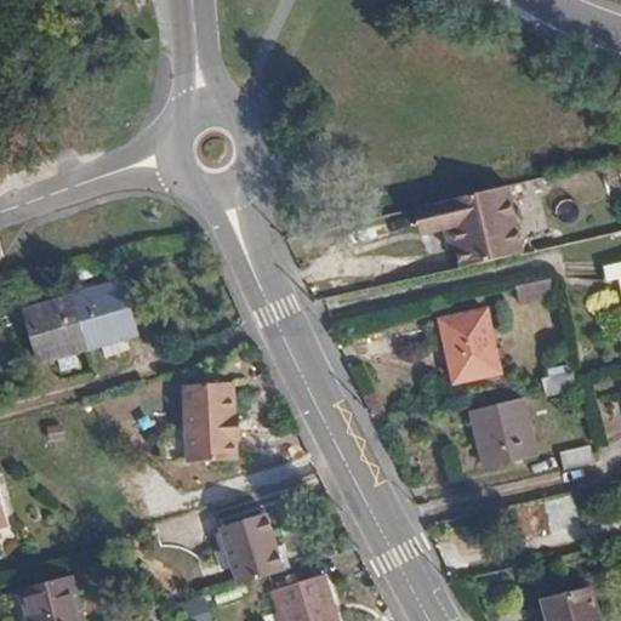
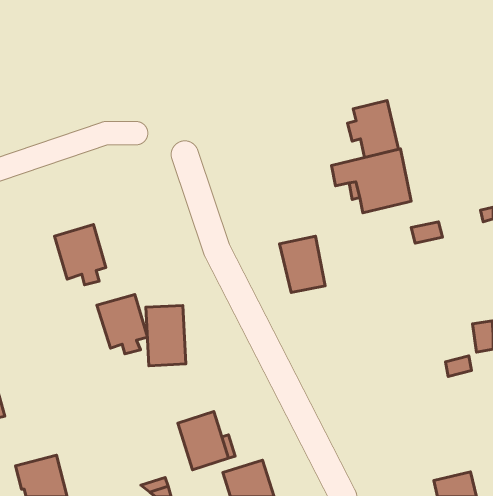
building: none -> [348,101,399,157]
building: [21,296,84,370] -> [97,295,147,354]
building: [438,310,495,381] -> [280,236,325,293]
building: [469,398,531,467] -> none

